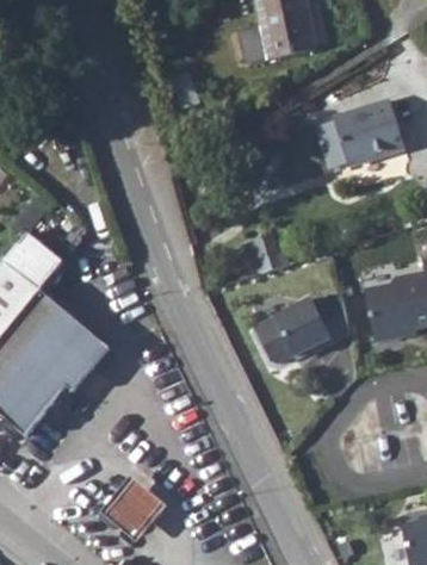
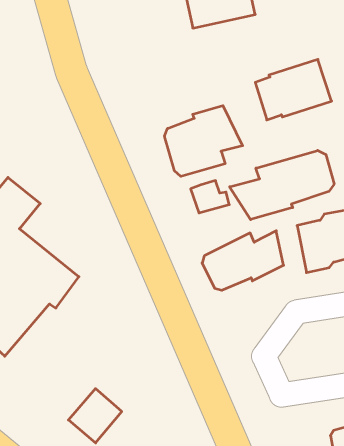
building: none -> [165,106,243,176]
building: none -> [230,150,334,220]

